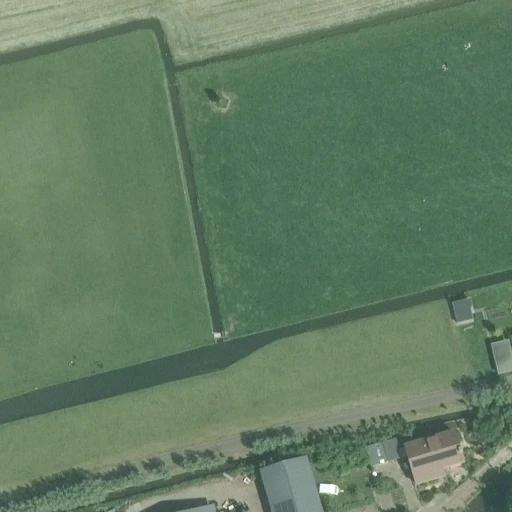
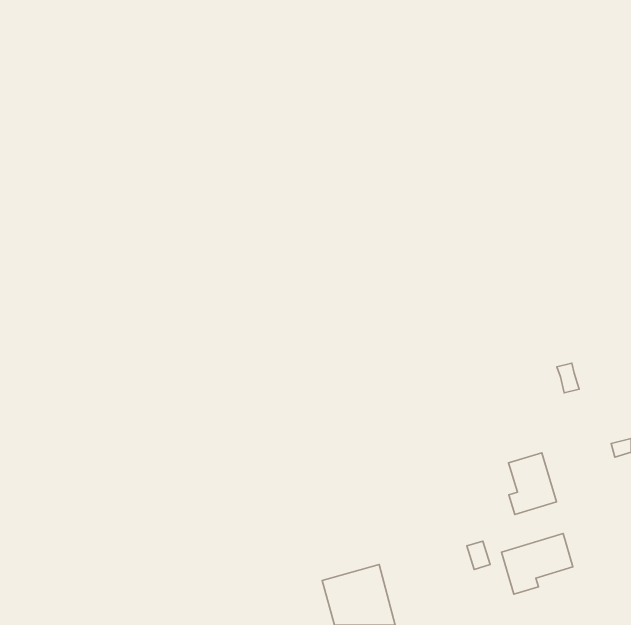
building: none -> [509,453,557,515]

